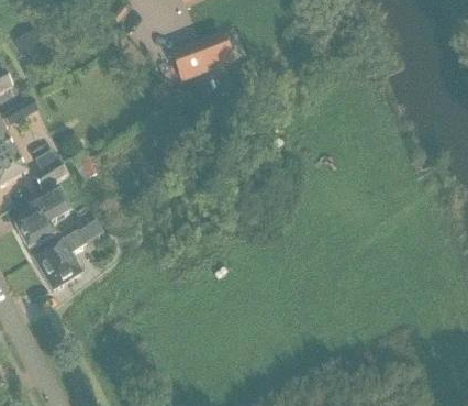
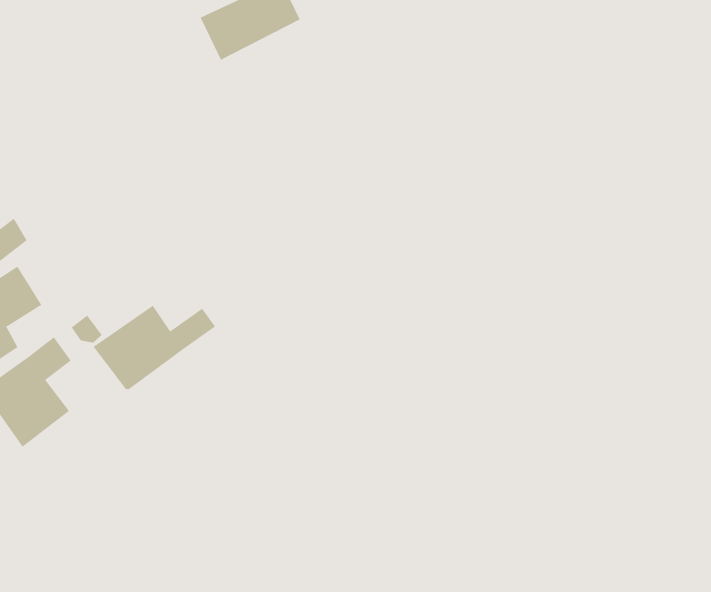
building: none -> [93,305,216,390]

